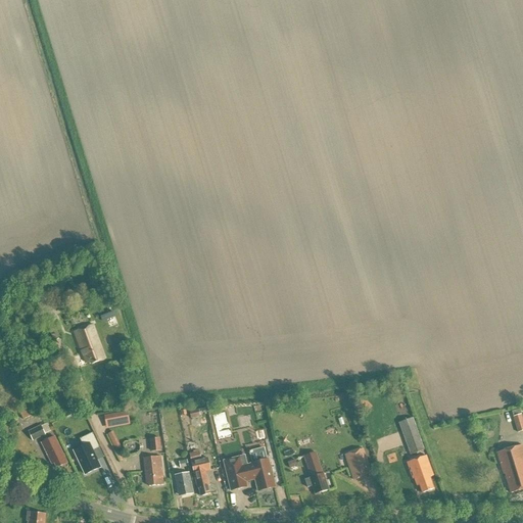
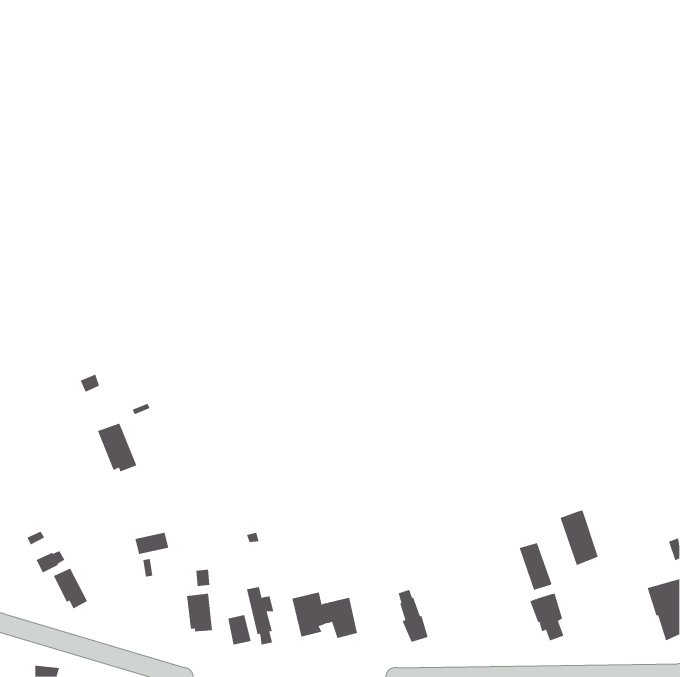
building: none -> [560,510,599,566]
building: [74,432,100,474] -> none
building: [345,447,372,478] -> none

